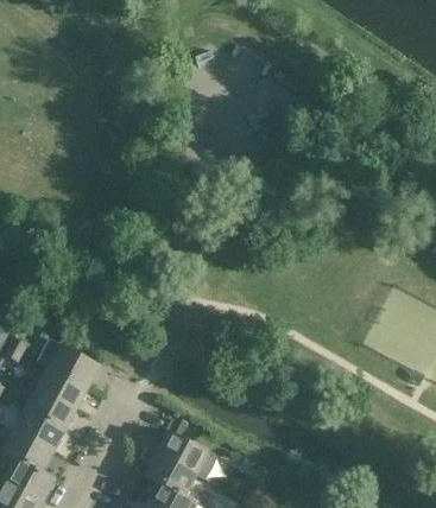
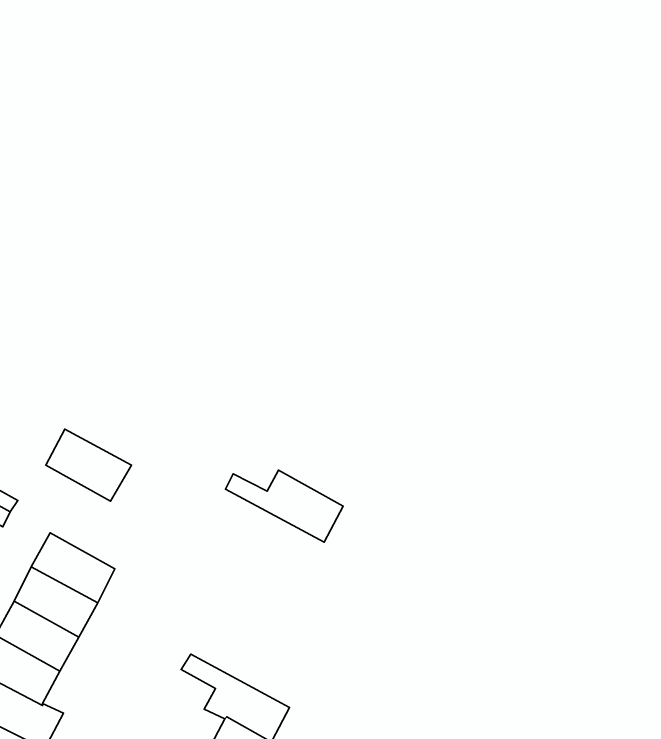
building: [46,343,100,388] -> [46,429,131,501]
building: [134,430,208,475] -> [225,470,343,542]

